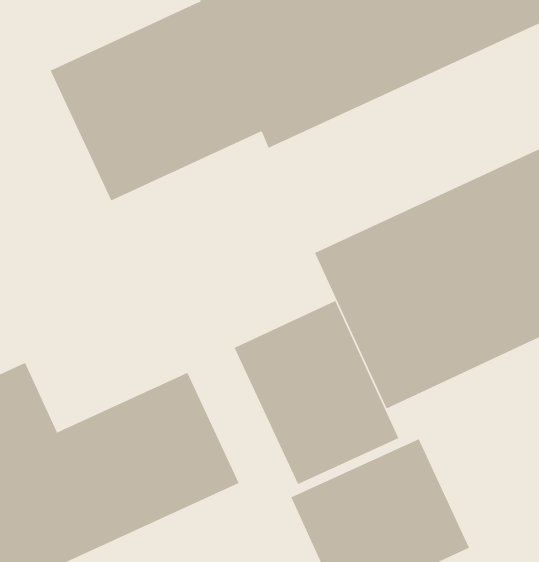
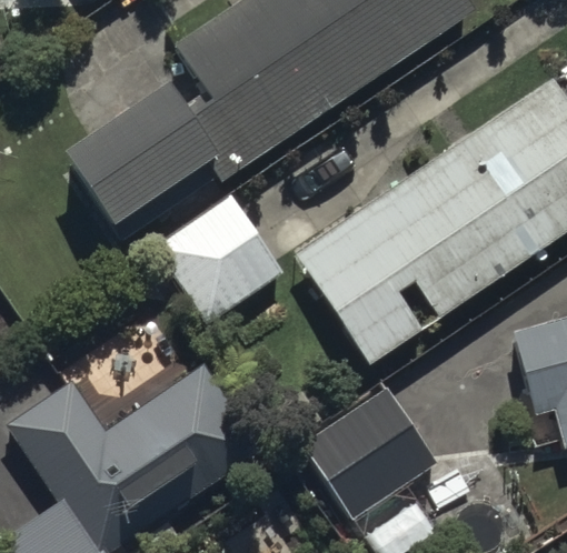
building: none -> [151,193,290,329]
building: [234,300,399,485] -> none

